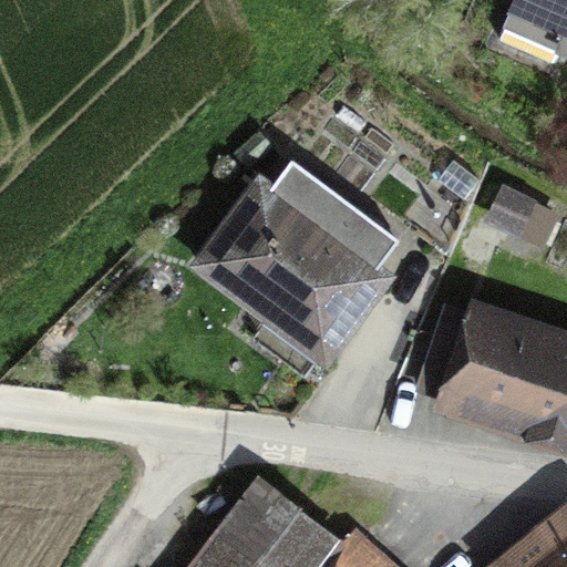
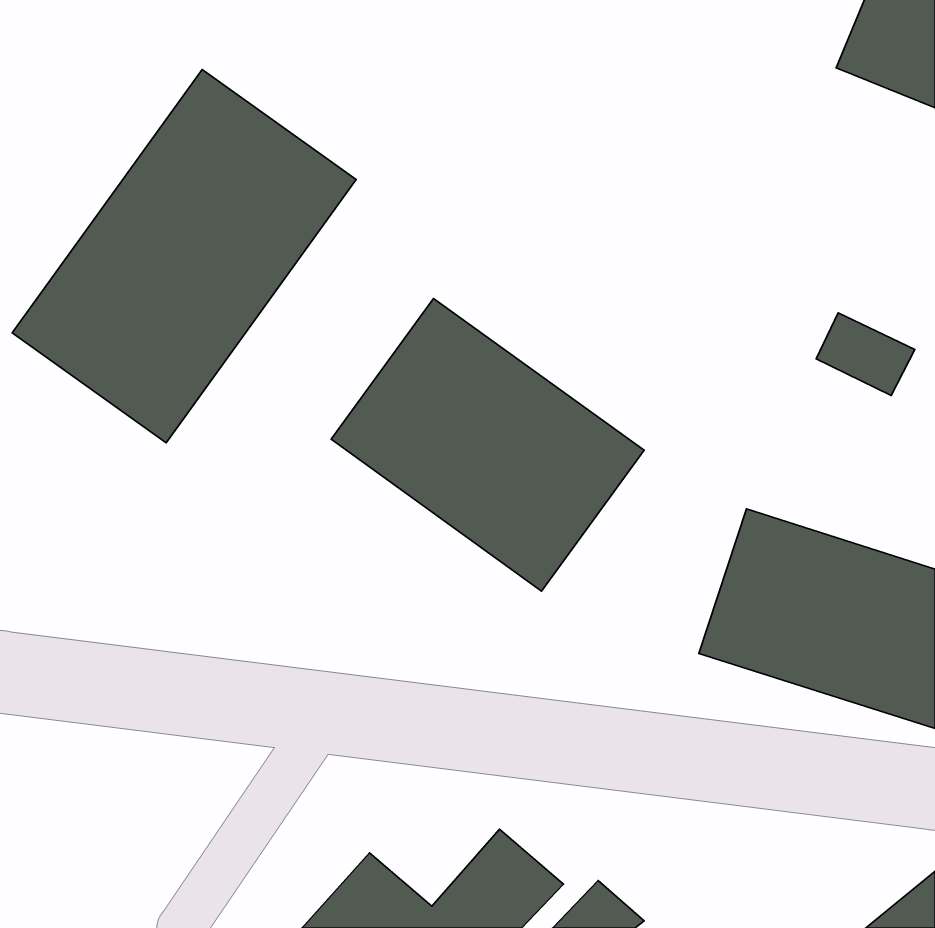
building: none -> [12,69,356,443]

